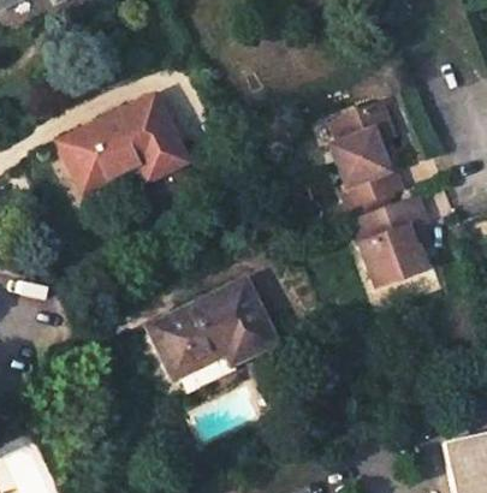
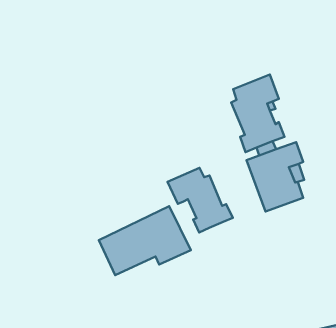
building: [61,96,185,189] -> none
building: none -> [168,168,233,232]

